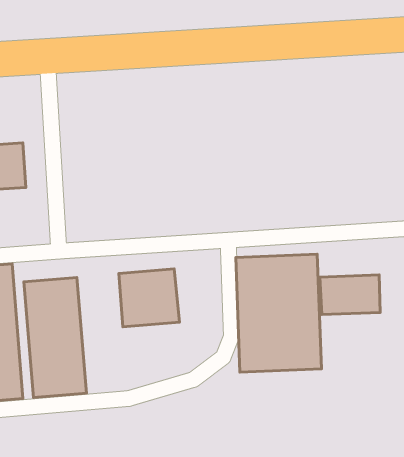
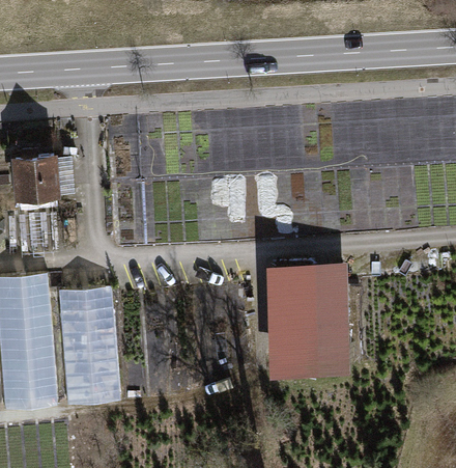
building: [119,269,179,327] -> none
building: [320,275,380,315] -> none

